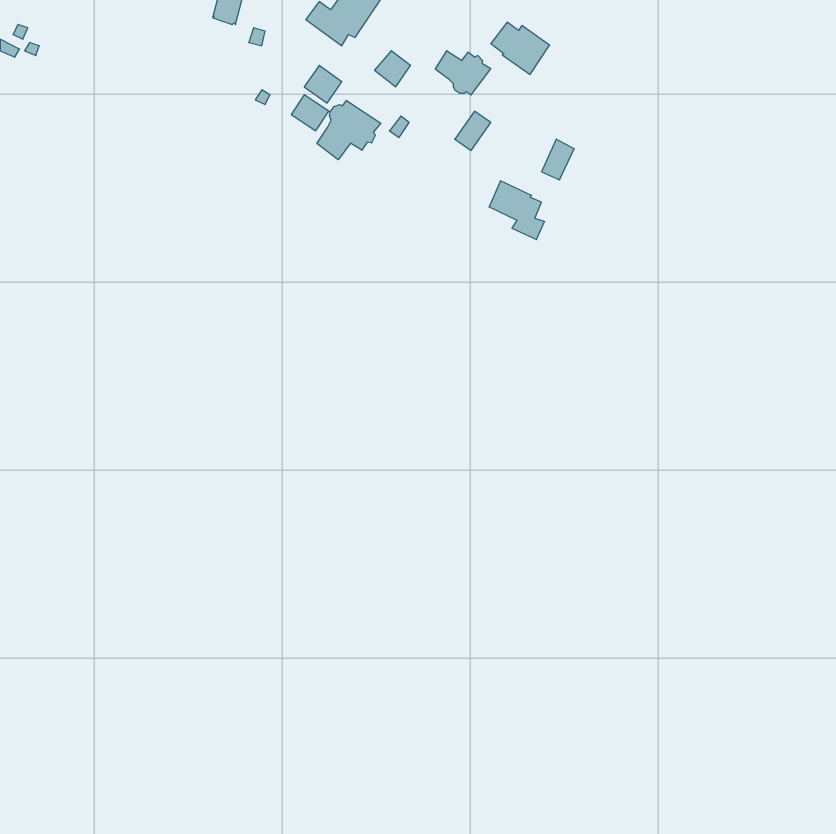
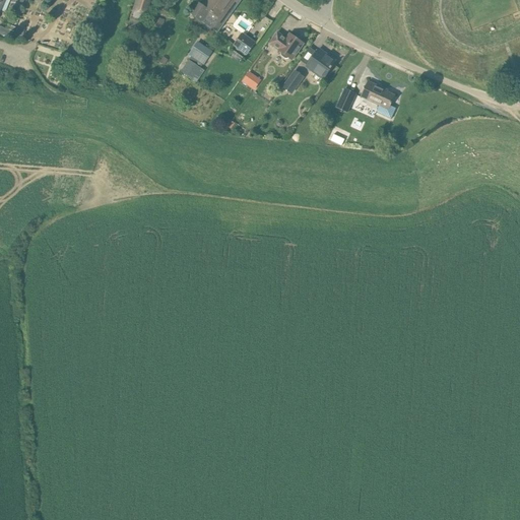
building: [491,22,550,75] -> [300,46,336,78]
building: [317,100,381,160] -> none
building: [489,181,545,240] -> [362,81,396,118]

